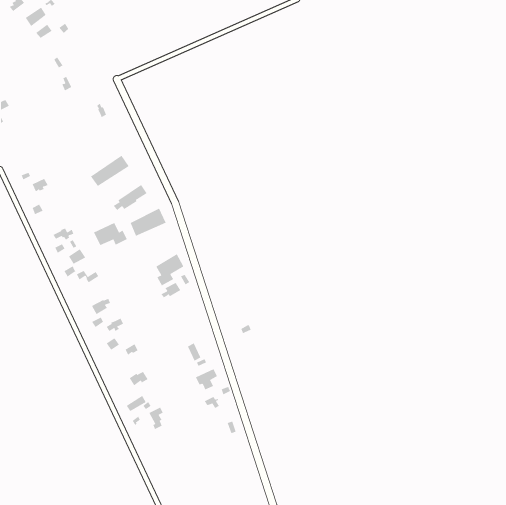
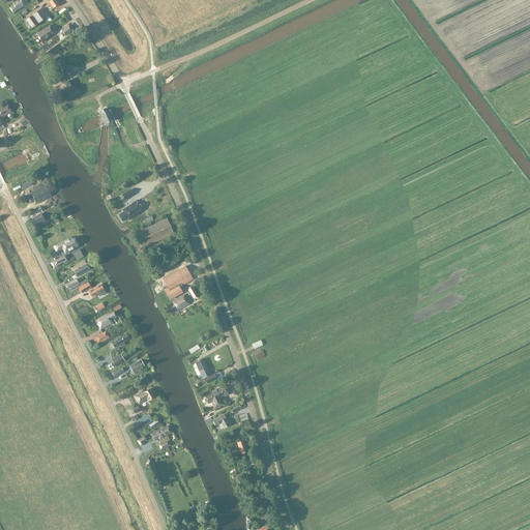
building: [90,155,129,187] -> none
building: [93,222,128,246] -> none

